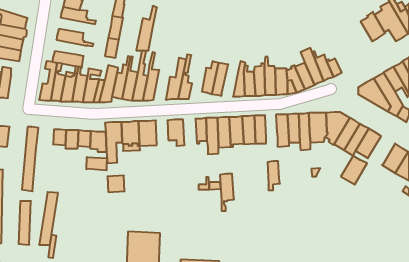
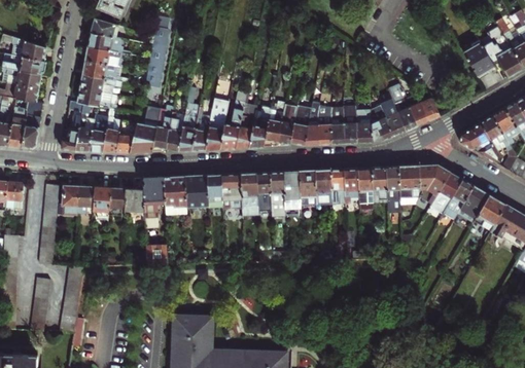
building: [136,6,157,50] -> [204,95,230,150]
building: none -> [85,47,131,67]
building: none -> [80,75,118,95]
building: none -> [289,97,311,146]
building: none -> [22,101,43,148]
building: none -> [248,107,271,149]
building: none -> [207,176,222,207]
building: none -> [57,186,79,215]
building: [341,156,367,185] -> [474,195,506,231]
building: [86,157,107,170] -> none
building: [268,161,280,190] -> [344,169,359,205]
building: [220,174,234,211] -> [241,174,258,220]

